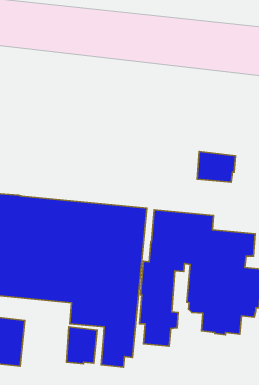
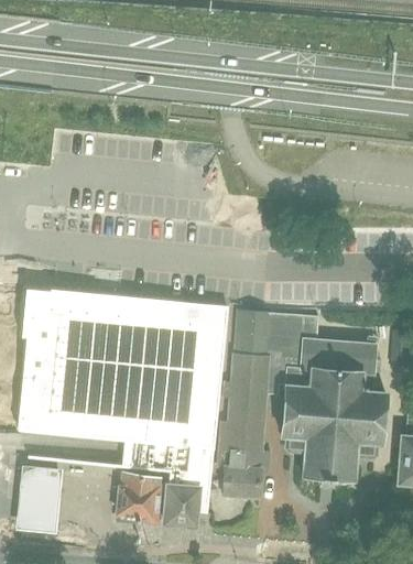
building: [197,152,236,182] -> none

